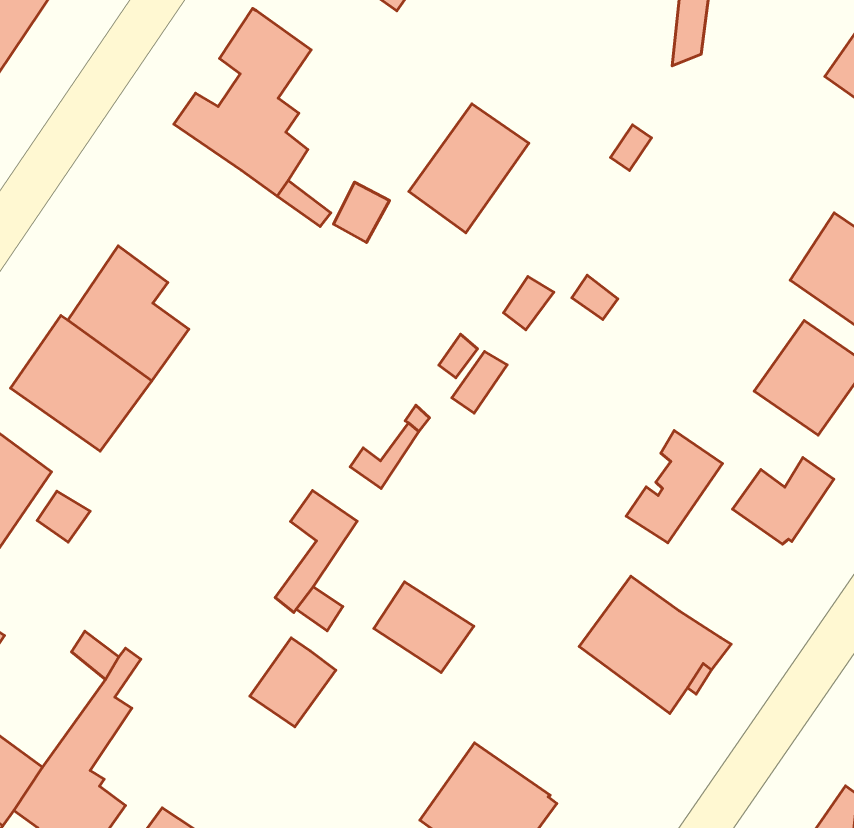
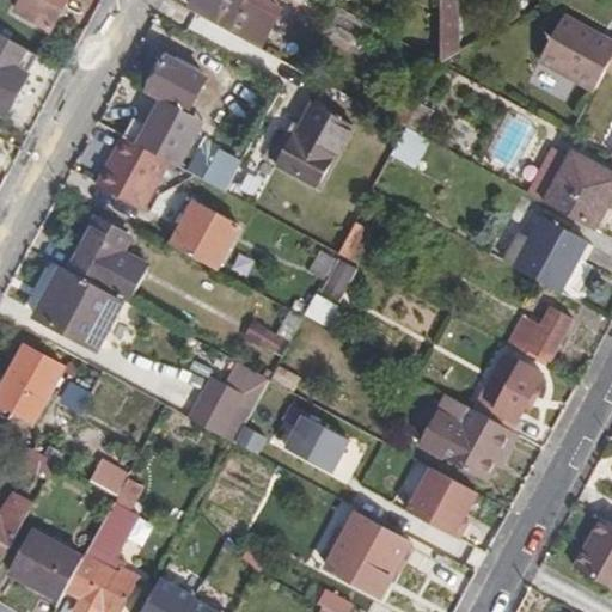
building: none -> [94,134,167,209]
building: none -> [169,202,238,268]
building: [626,431,723,543] -> [481,355,539,428]
building: [250,638,336,727] -> [188,375,241,433]
building: none -> [408,466,476,537]

